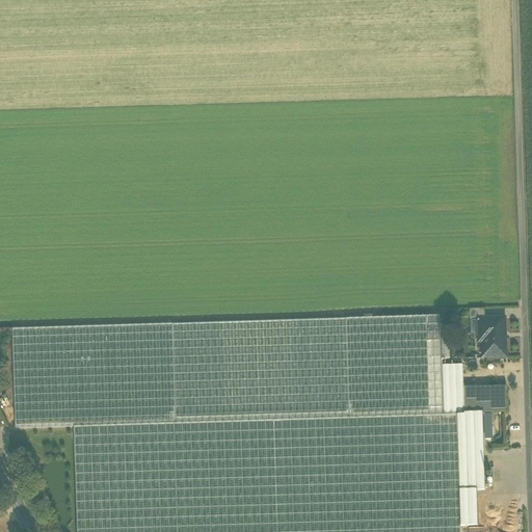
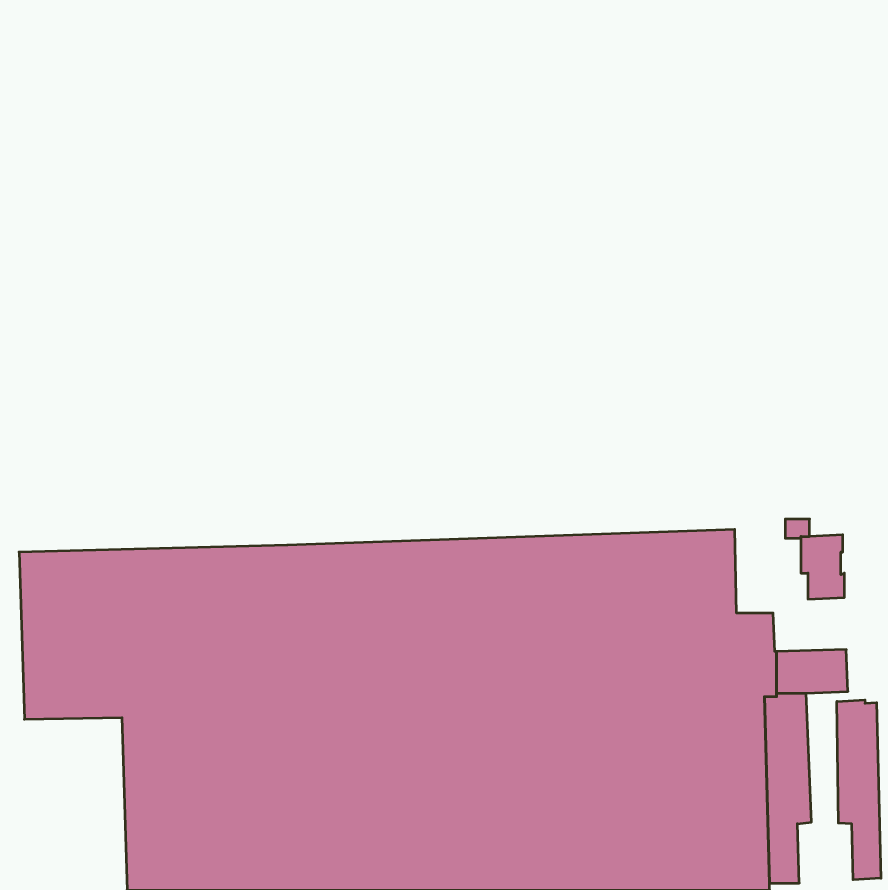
building: none -> [837,700,881,880]

